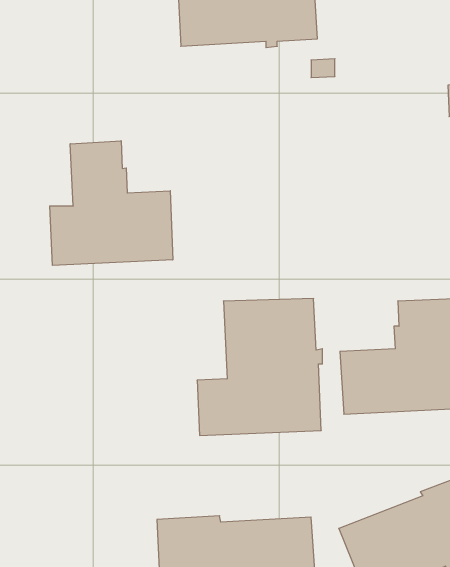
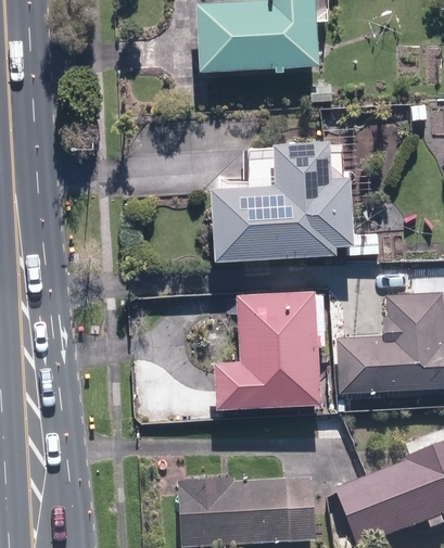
building: none -> [208,141,353,260]
building: [50,141,173,265] -> none

